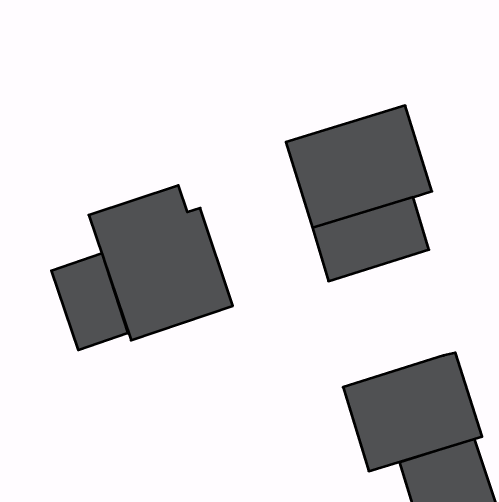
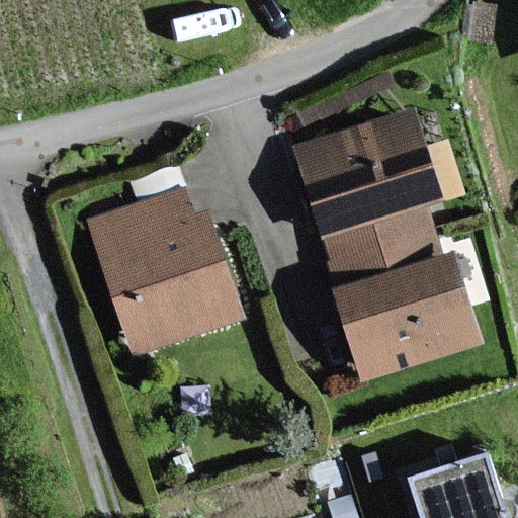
building: [51,253,128,350] -> none
building: [343,353,482,471] -> [337,255,480,376]

